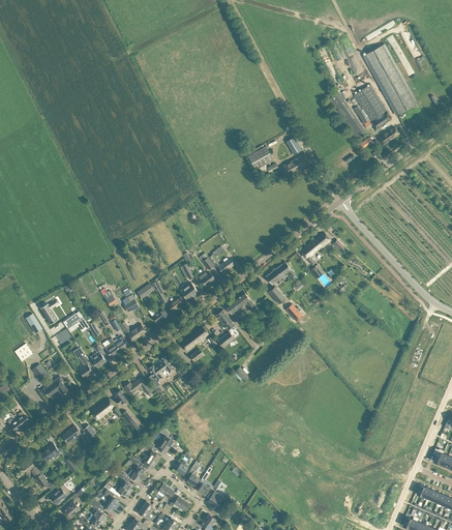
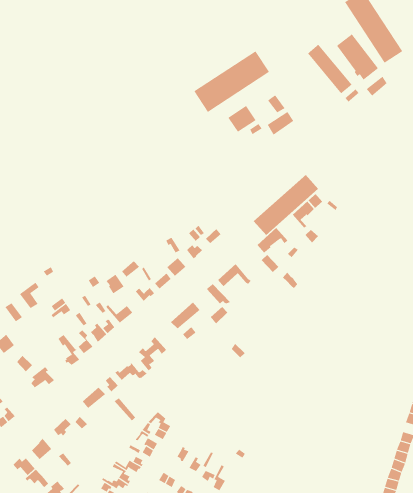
building: none -> [194,50,270,113]
building: none -> [253,174,319,236]

